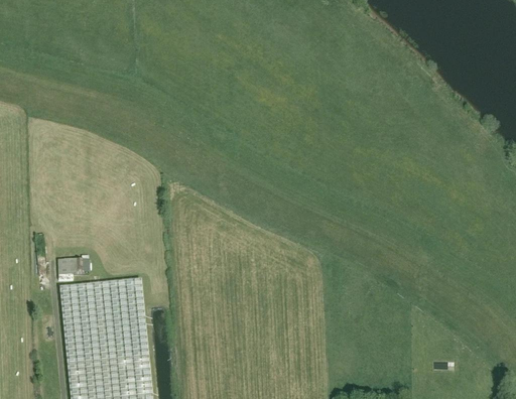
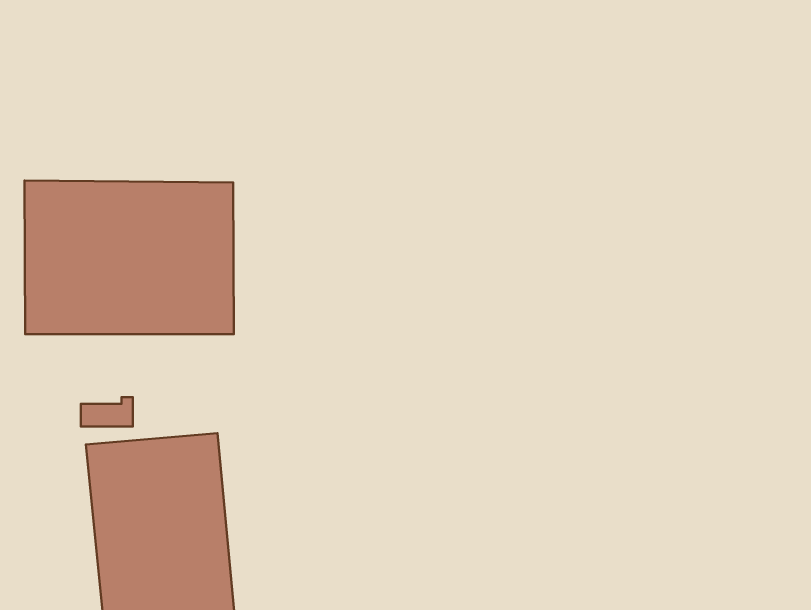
building: none -> [24,181,234,334]

